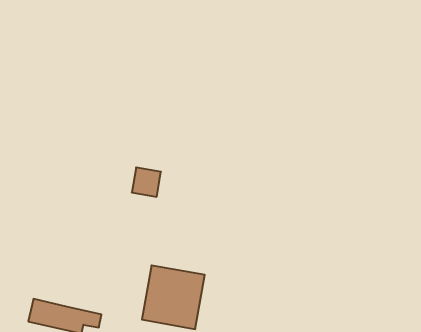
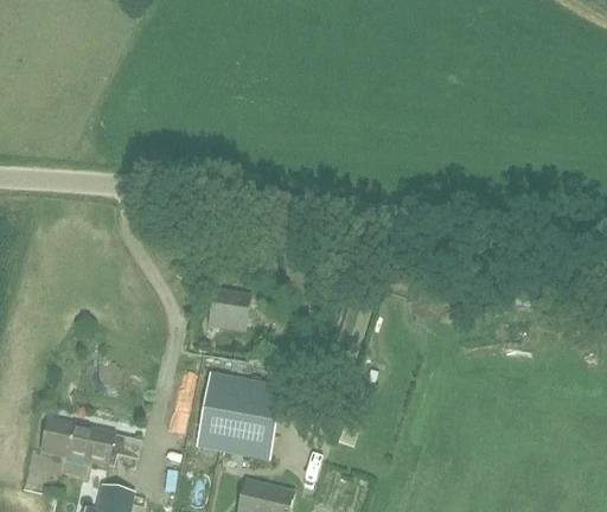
building: [132,167,161,197] -> [209,288,249,328]

